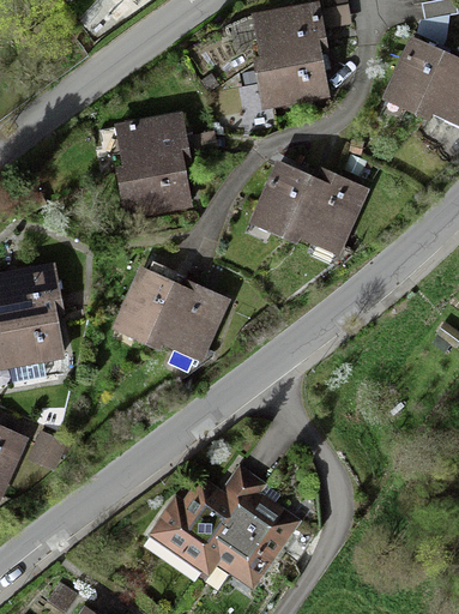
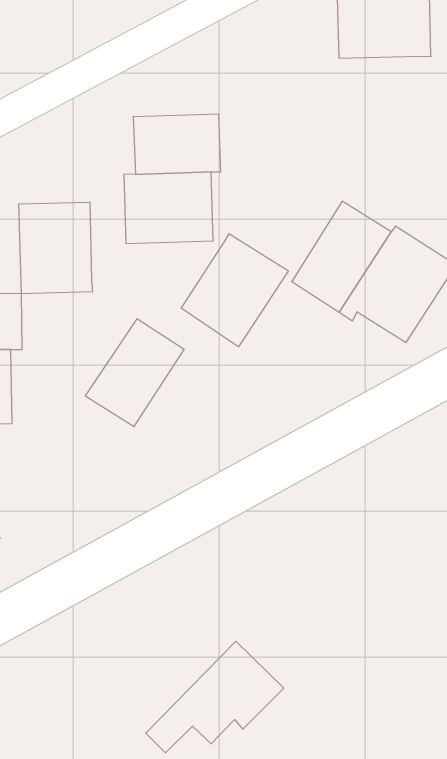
building: [252,44,327,106] -> none
building: none -> [19,202,92,294]
building: [157,281,231,362] -> [181,234,288,347]
building: [158,459,265,572] -> none

